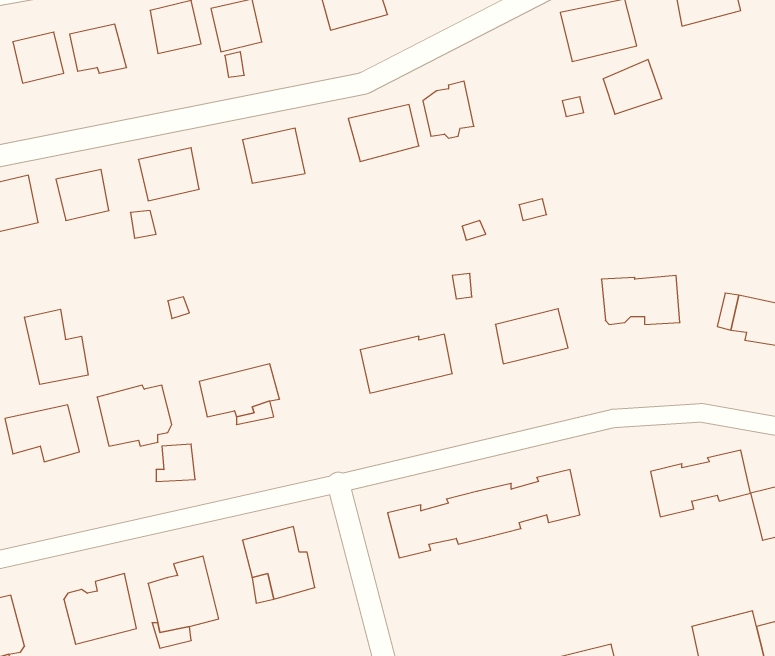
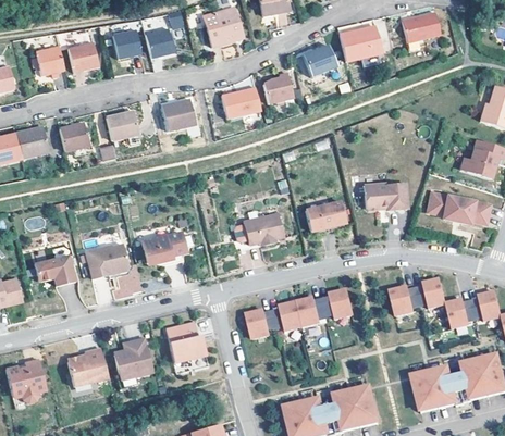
building: [603,59,662,114] -> [304,47,336,77]
building: [25,309,88,384] -> none

